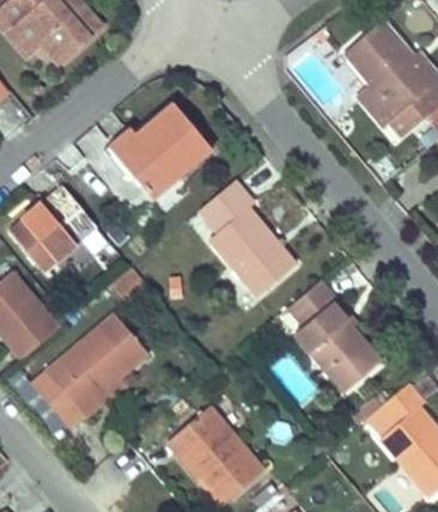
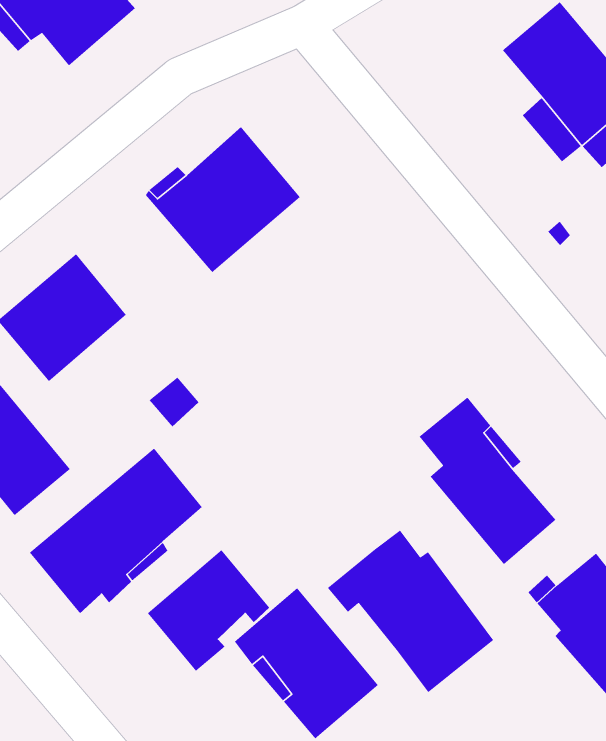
building: [201,181,296,297] -> none
building: none -> [327,529,494,693]
building: none -> [147,549,270,672]

